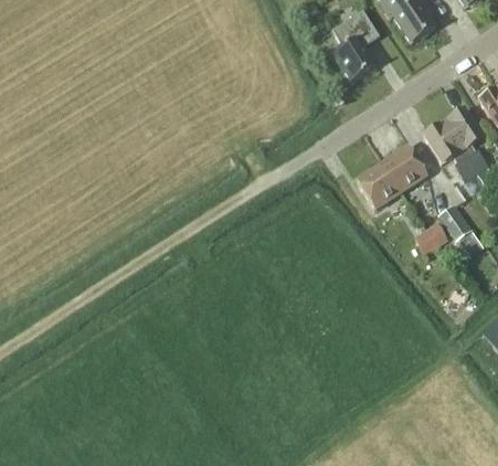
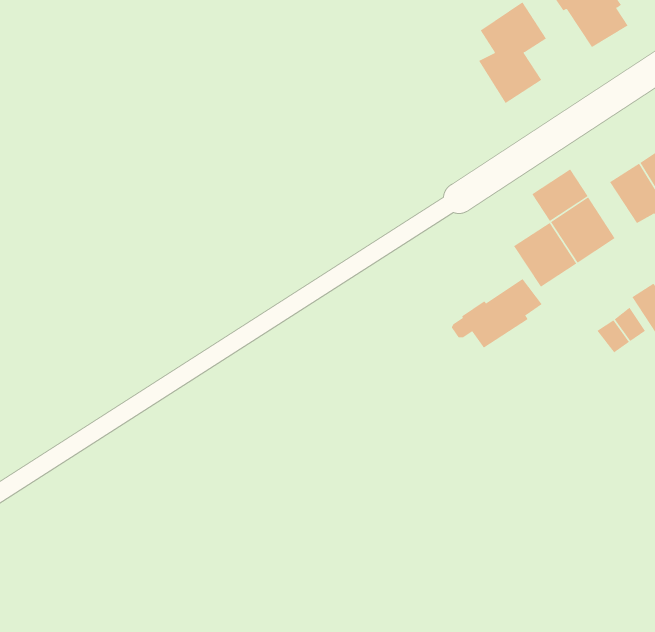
building: none -> [532,169,589,222]
building: none -> [451,278,542,349]

